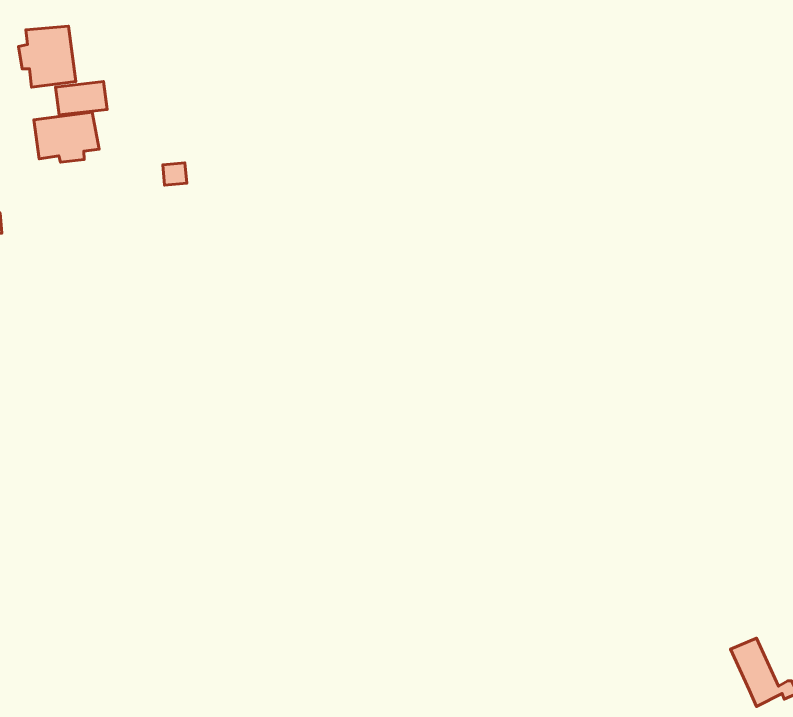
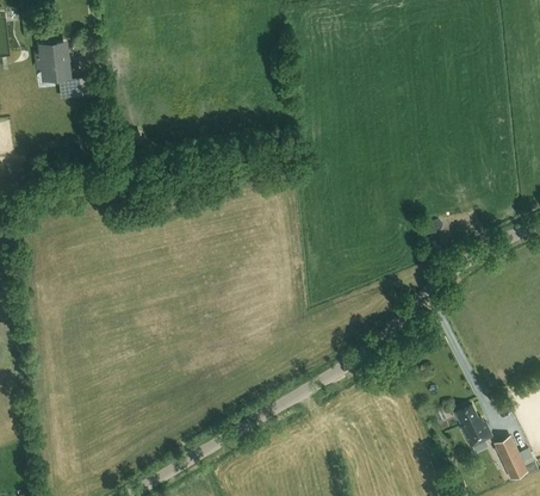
building: [34,112,99,162] -> none
building: none -> [454,404,491,447]

